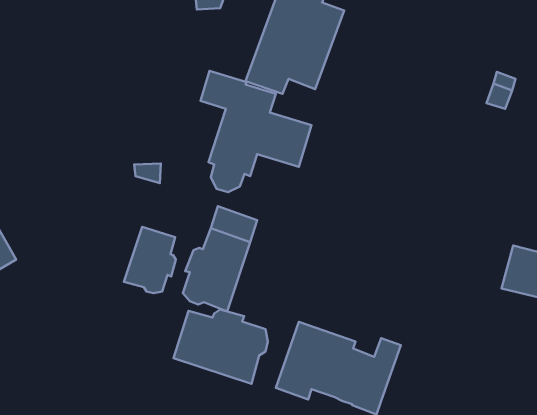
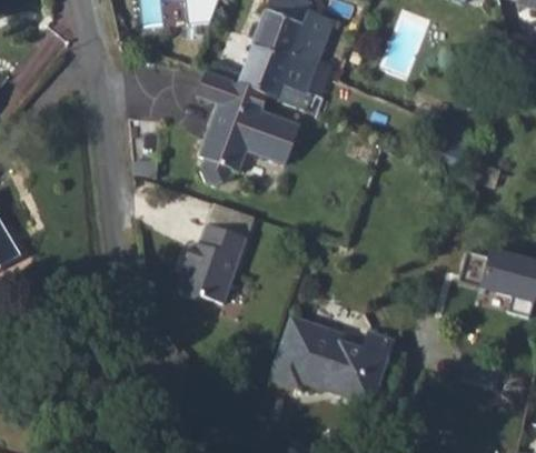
building: [124,227,176,293] -> none
building: [174,310,268,384] -> none

